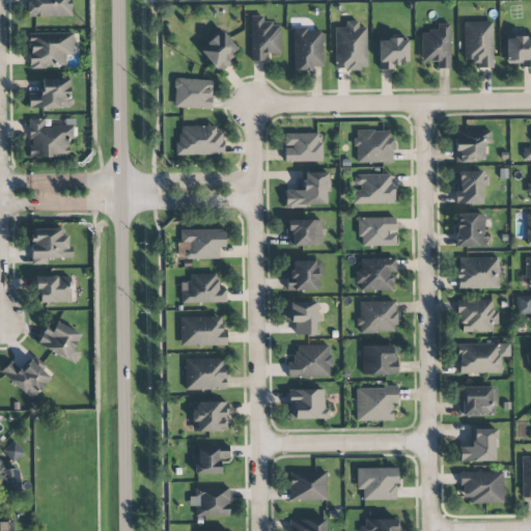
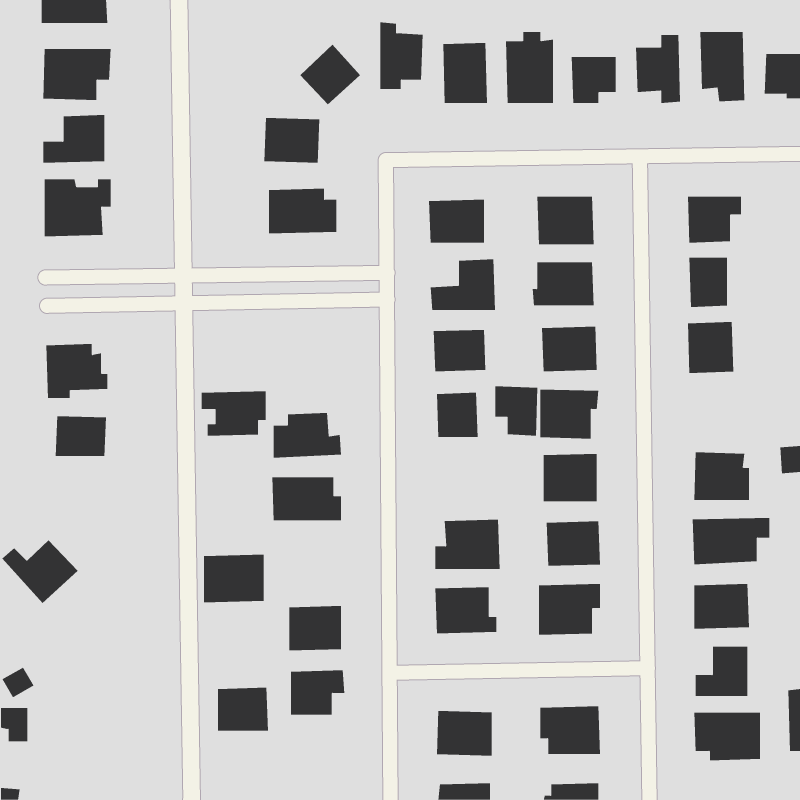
building: [181,228,225,258] -> [201,391,267,436]
building: [458,256,499,288] -> none
building: [287,301,316,334] -> [494,386,538,436]
building: [37,320,82,362] -> none
building: [186,357,226,389] -> [203,554,264,603]
building: [196,486,230,515] -> [217,687,269,731]

